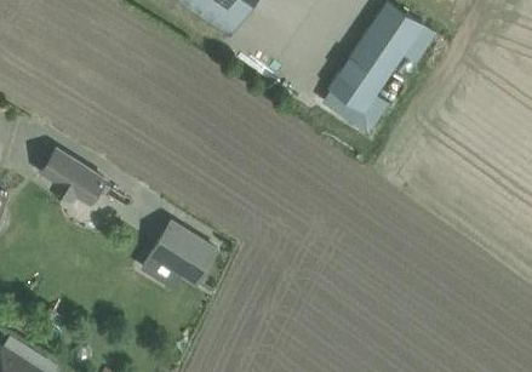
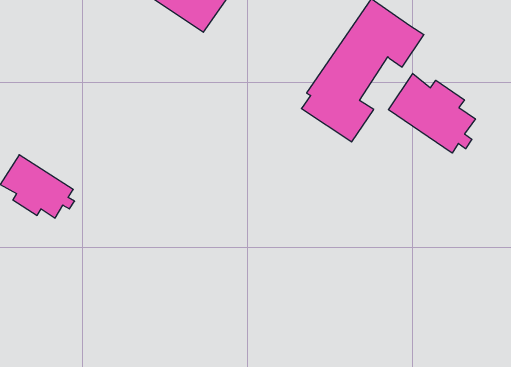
building: none -> [388,73,475,153]
building: [151,224,218,286] -> none

